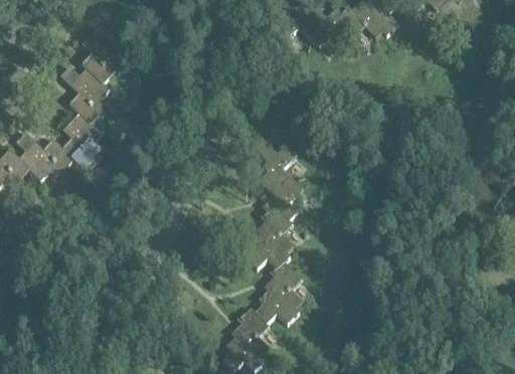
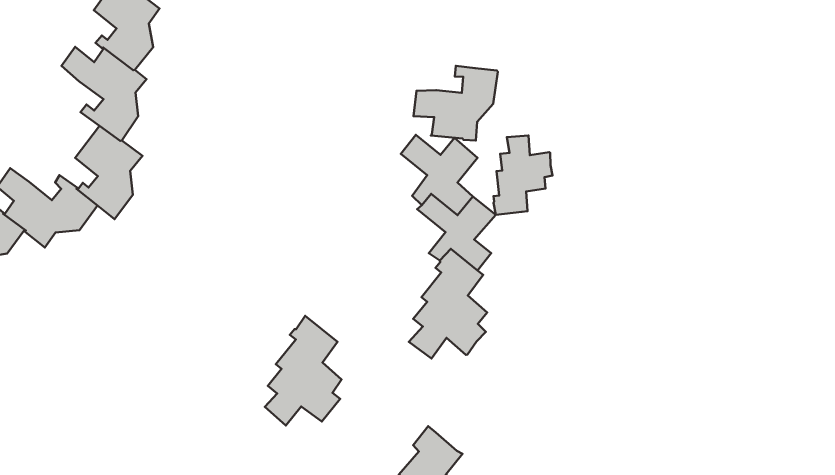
building: none -> [414,66,498,140]
building: none -> [493,136,553,215]
building: [255,261,302,324] -> [265,316,342,425]

